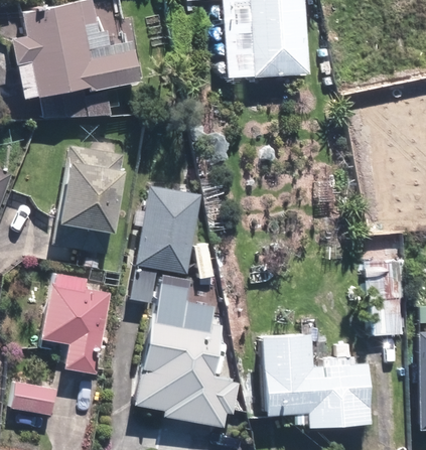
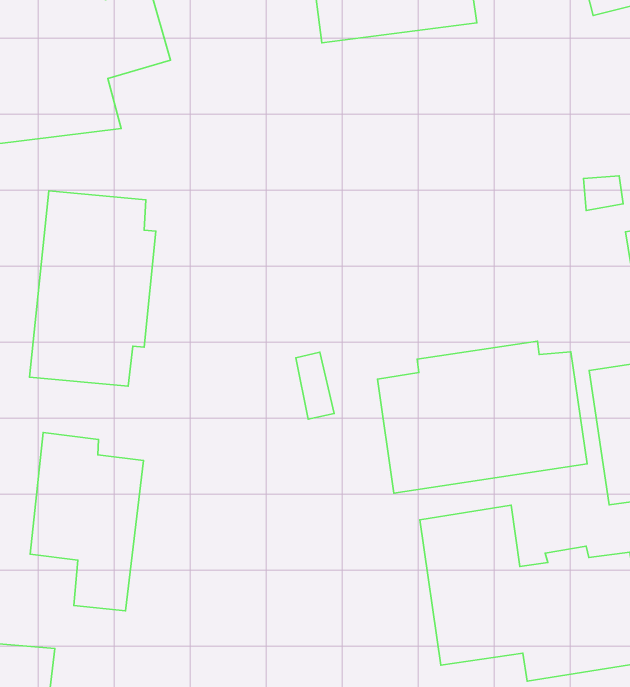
building: [122,171,196,289] -> none
building: none -> [378,341,587,493]
building: [134,268,235,418] -> none

